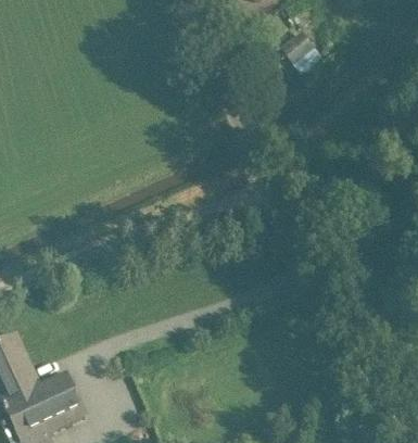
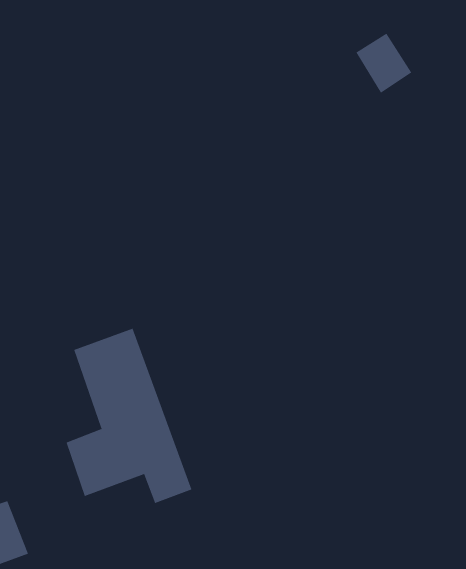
building: none -> [66,328,192,504]

